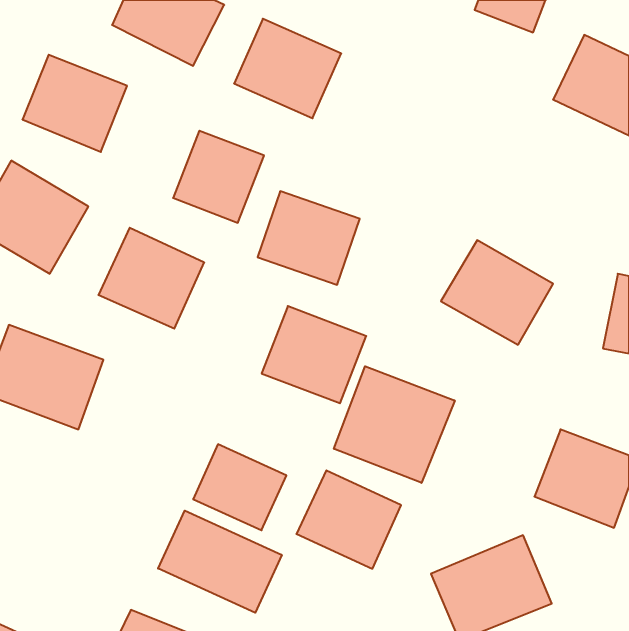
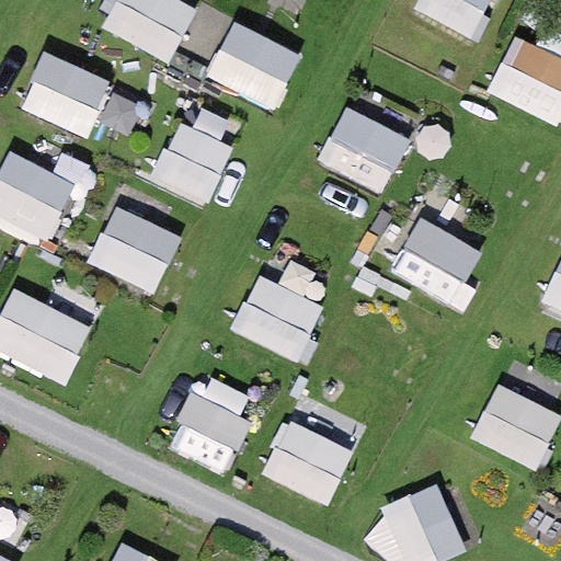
building: [258,191,360,285] -> [319,106,409,188]
building: [334,366,455,483] -> none
building: [158,511,282,613] -> none

